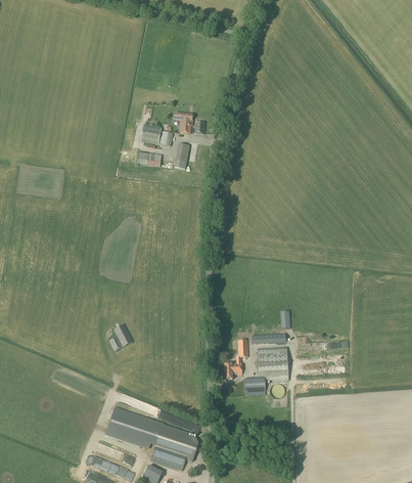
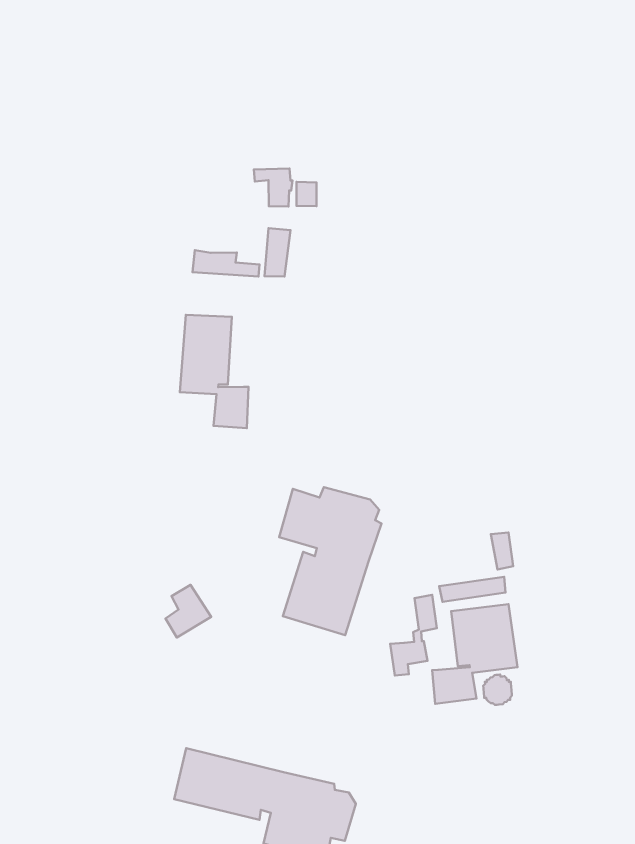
building: [140,124,173,145] -> none
building: none -> [180,315,249,428]
building: none -> [279,487,381,635]

